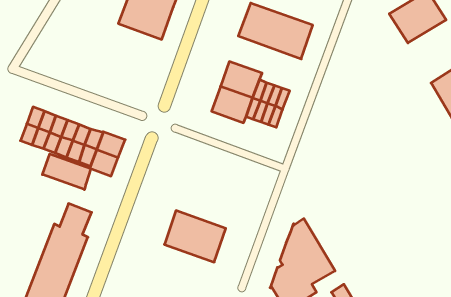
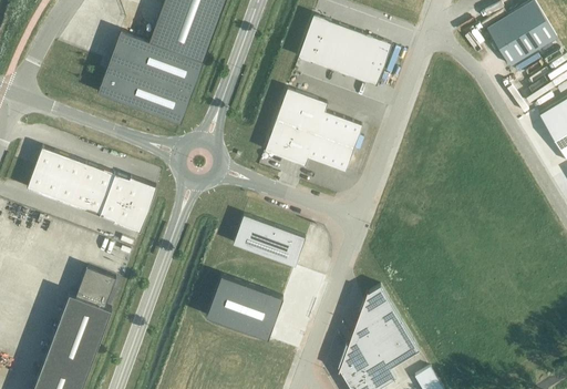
building: none -> [97,32,203,124]
building: [42,154,91,190] -> none
building: none -> [233,216,306,267]

